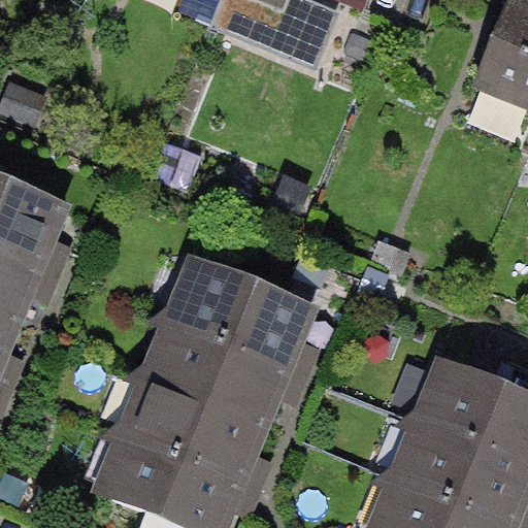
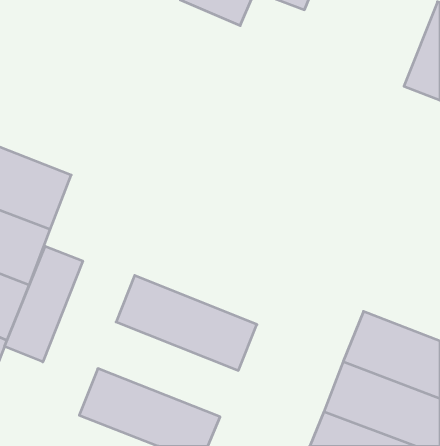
building: [158,269,323,381] -> none
building: none -> [5,246,83,362]
building: [114,377,279,489] -> none

